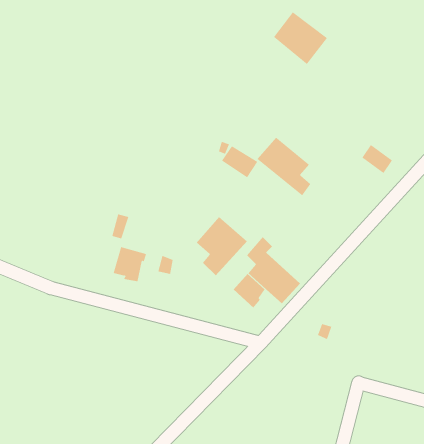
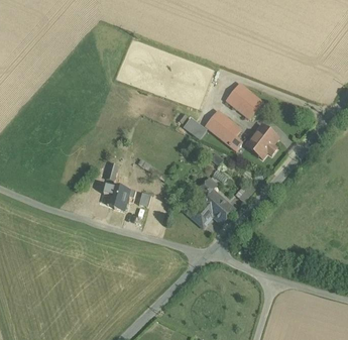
building: [273,11,328,65] -> [226,83,263,119]
building: none -> [244,125,278,158]
building: [196,216,248,276] -> none

